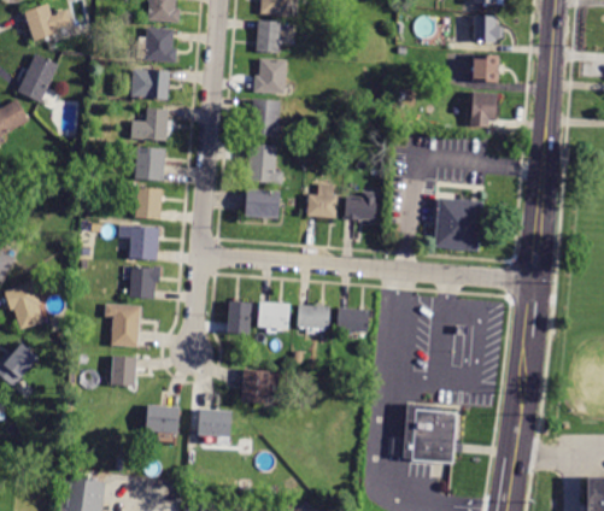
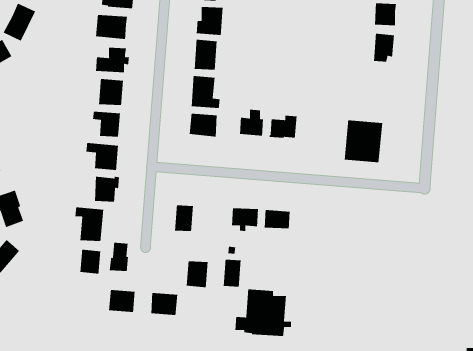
building: [258,301,291,334] -> none
building: none -> [109,242,129,272]
building: none -> [223,259,241,287]
building: [392,404,462,463] -> [235,288,292,337]

